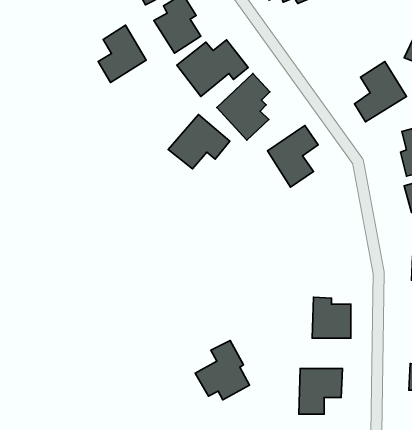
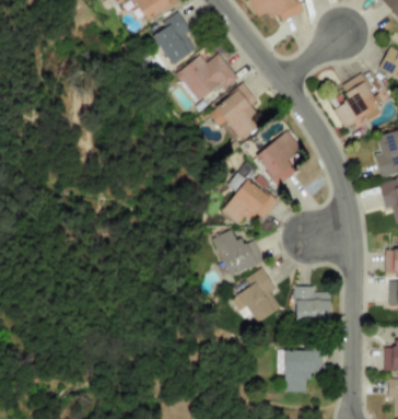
building: [98,25,146,82] -> none
building: [168,115,230,169] -> [221,178,277,228]
building: none -> [212,228,265,276]
building: [195,341,250,400] -> [232,268,281,322]

